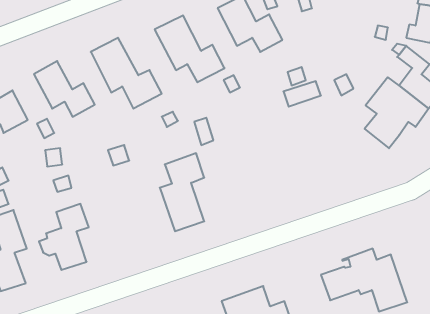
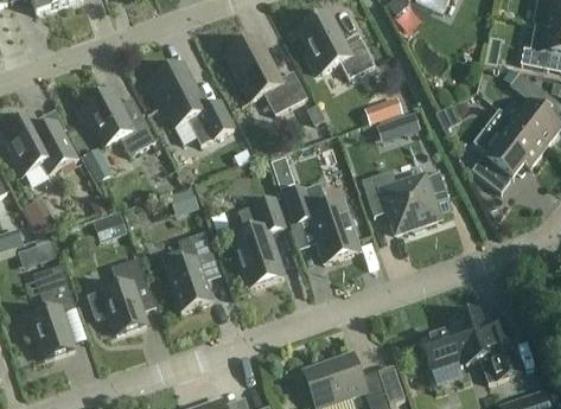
building: none -> [361,170,448,232]
building: none -> [286,181,359,262]
building: none -> [162,230,217,311]

